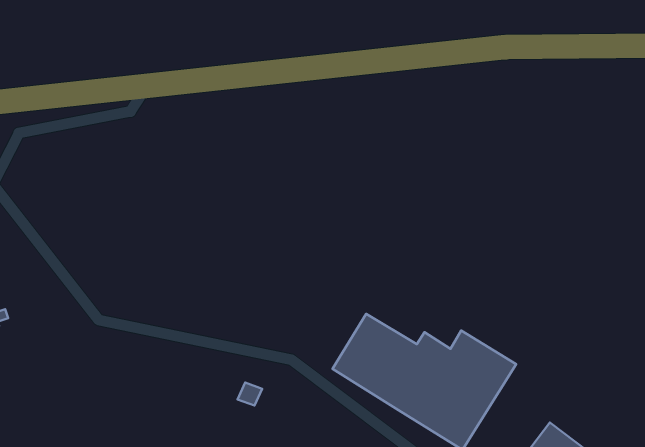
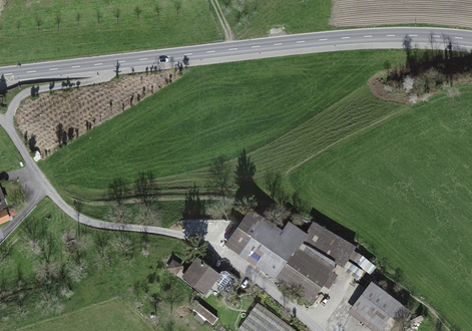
building: none -> [180,257,219,293]

